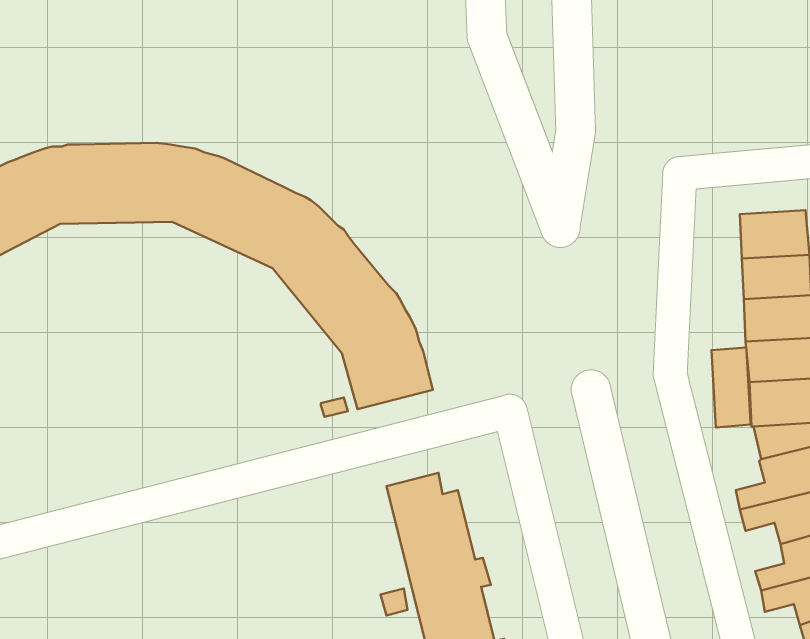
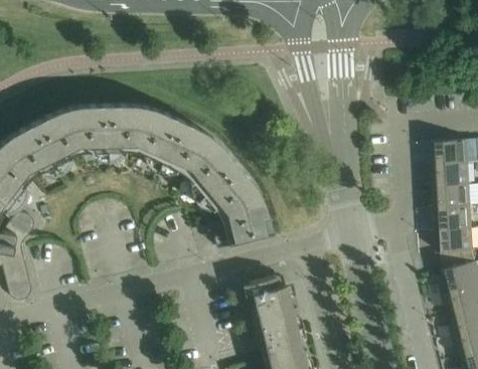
building: [711,347,751,427] -> none

